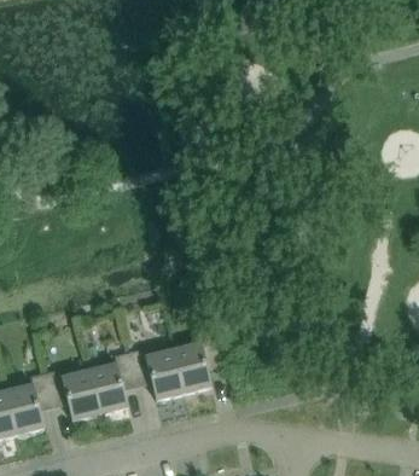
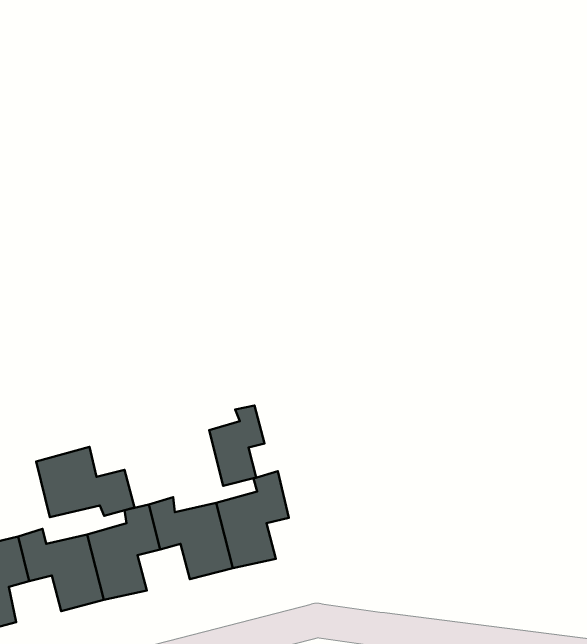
building: none -> [209,406,264,486]
building: none -> [36,447,134,517]

